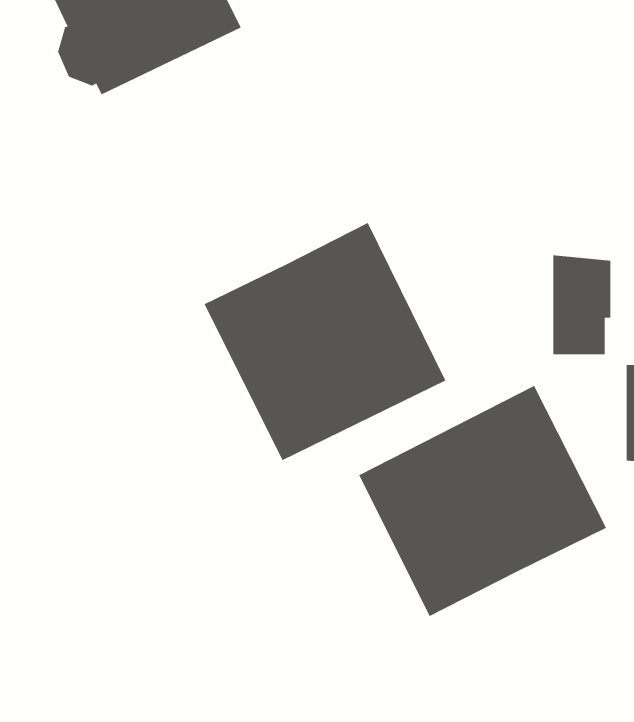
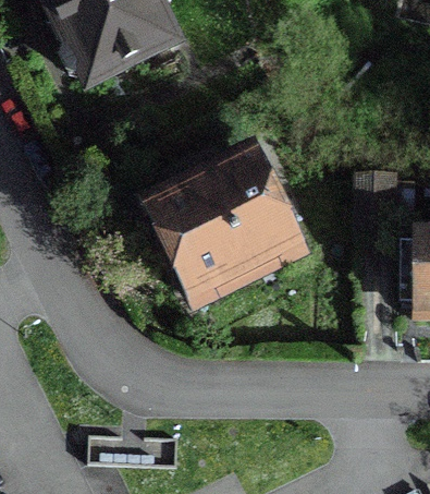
building: [358,385,607,617] -> none

